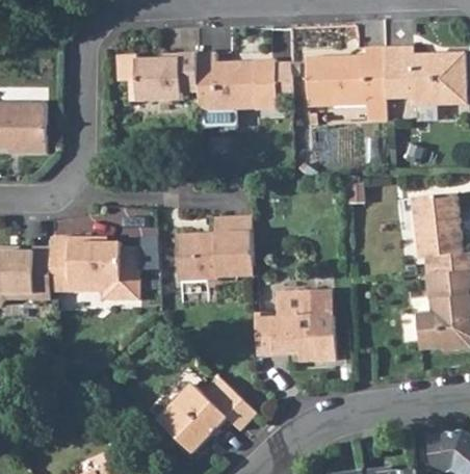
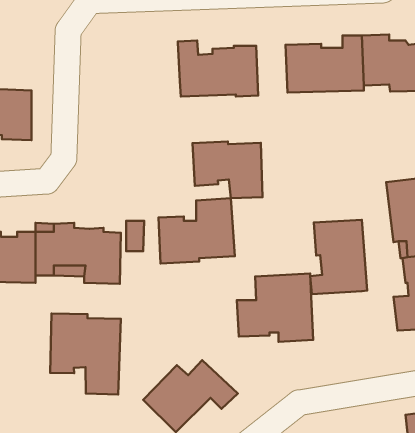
building: [115,54,198,103] -> none
building: none -> [193,141,262,198]
building: none -> [310,220,367,294]
building: none -> [50,313,121,394]

